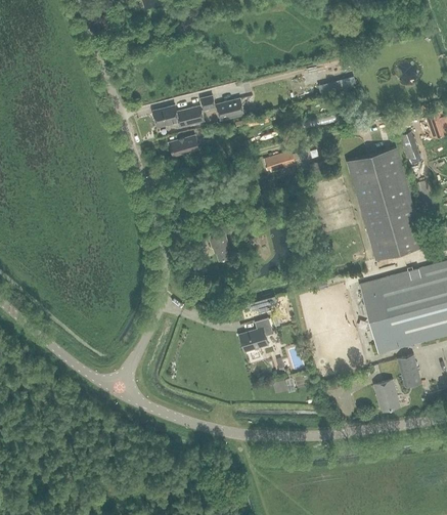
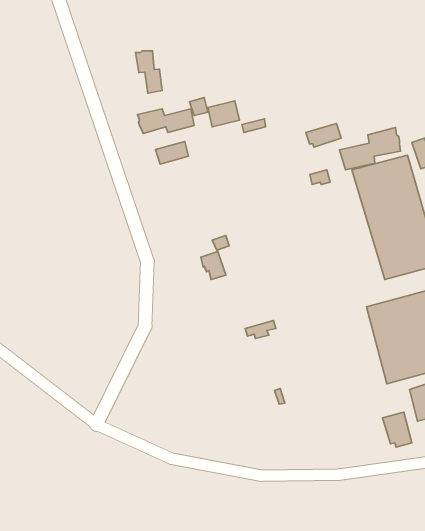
building: none -> [135,51,162,93]
building: none -> [340,128,400,170]
building: [264,152,296,173] -> [306,123,341,147]
building: [239,318,273,352] -> none

